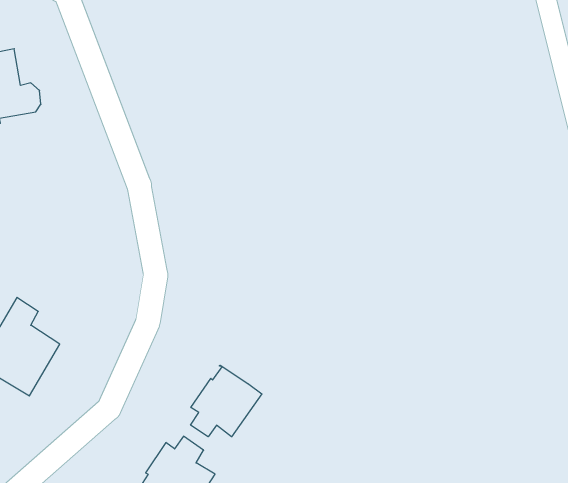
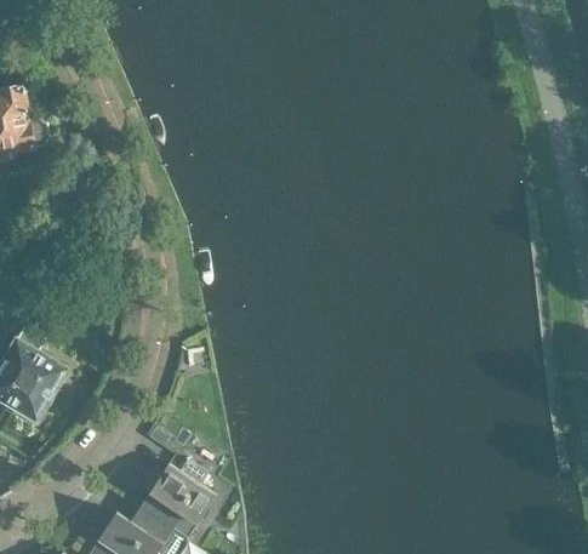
building: [191,365,262,437] -> none

